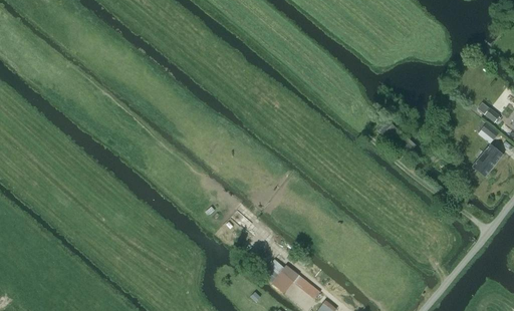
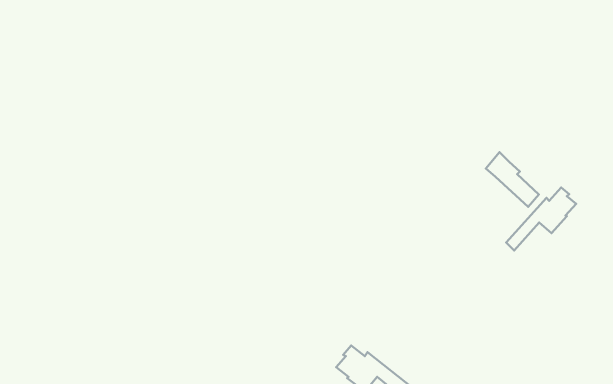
building: none -> [506,188,576,251]

